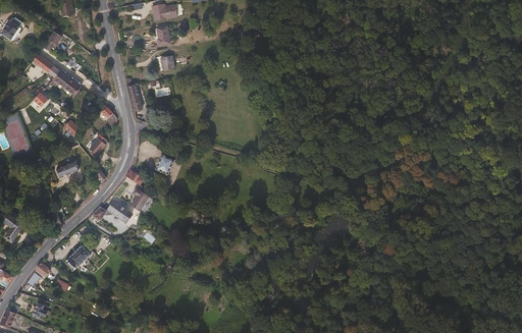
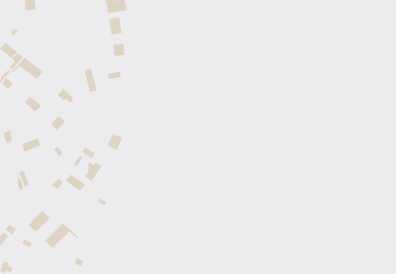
building: none -> [44,223,79,249]

